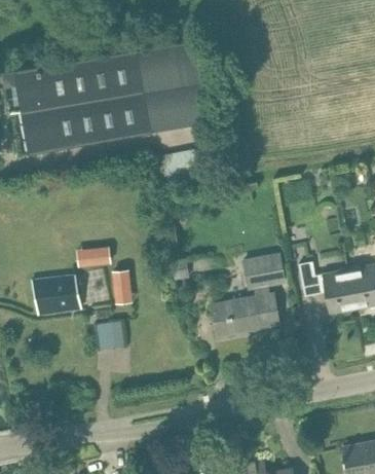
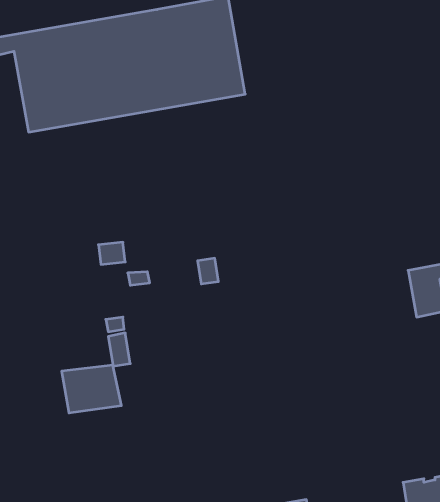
building: [211,254,284,336] -> none
building: [298,262,354,313] -> none
building: [31,275,81,315] -> [62,365,121,413]

